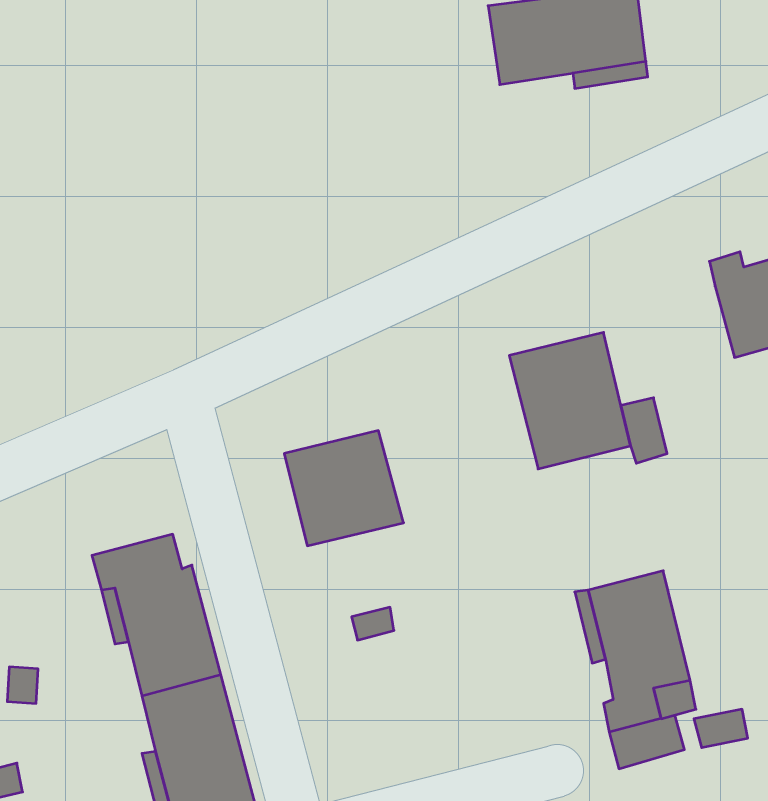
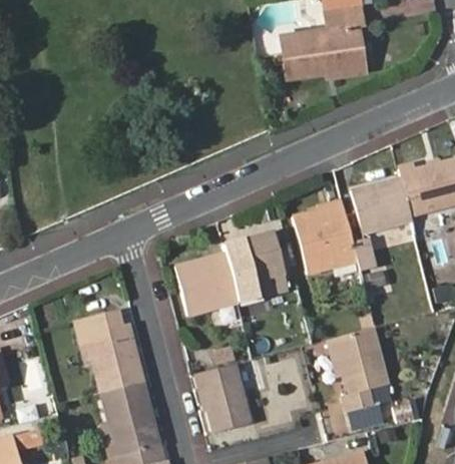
building: none -> [353,180,412,236]
building: none -> [223,235,288,304]
building: none -> [197,364,251,433]

